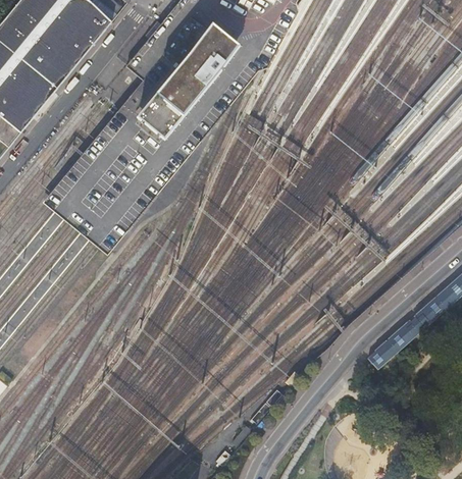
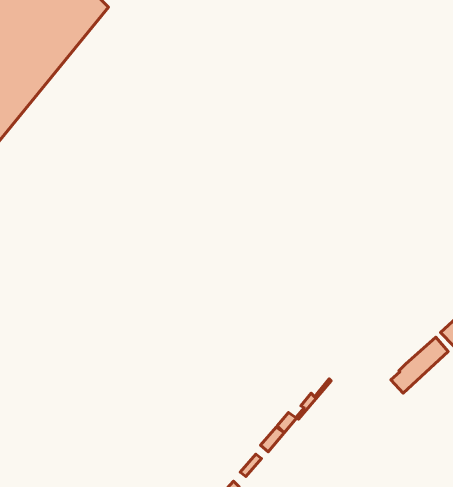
building: [141,19,238,134] -> none

